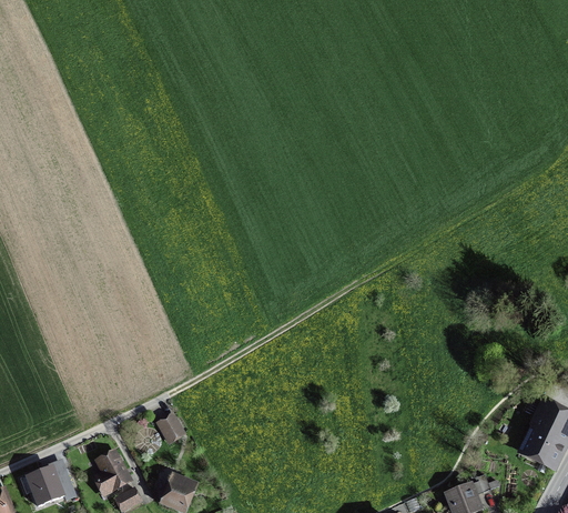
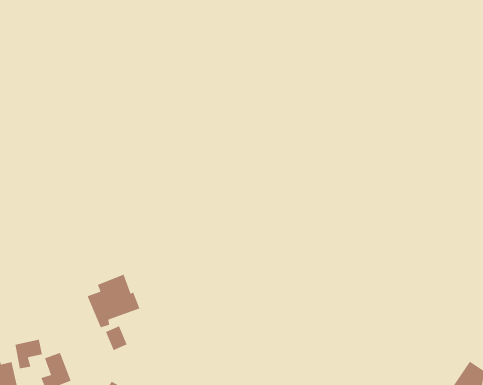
building: none -> [87,274,140,328]
building: none -> [15,339,43,369]

